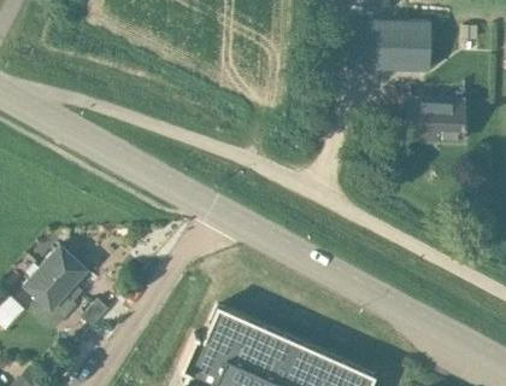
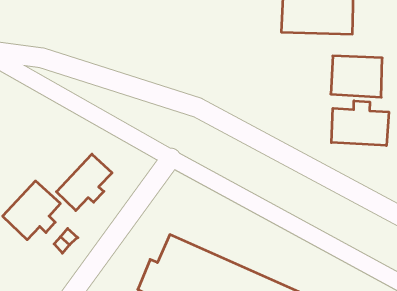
building: none -> [331,101,389,146]
building: none -> [56,154,112,211]

